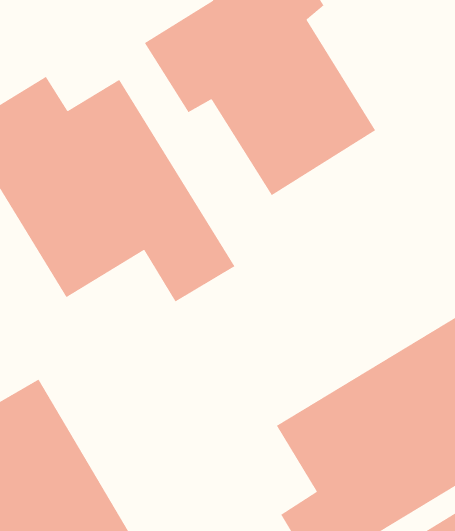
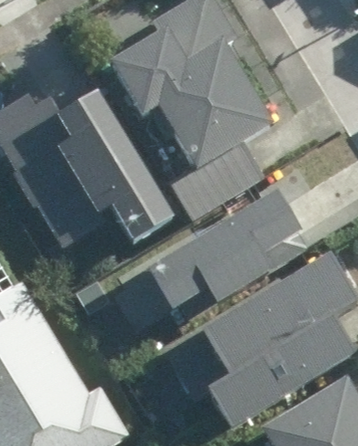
building: none -> [145,188,304,310]

